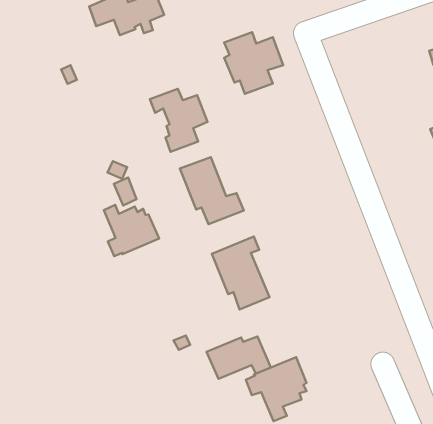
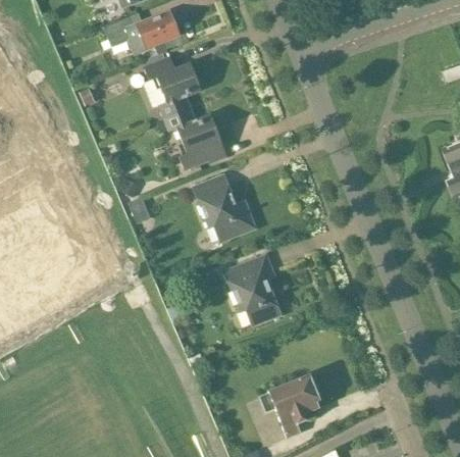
building: [224,32,283,94] -> [144,56,202,117]
building: [104,205,159,256] -> none
building: [206,337,271,379] -> none

